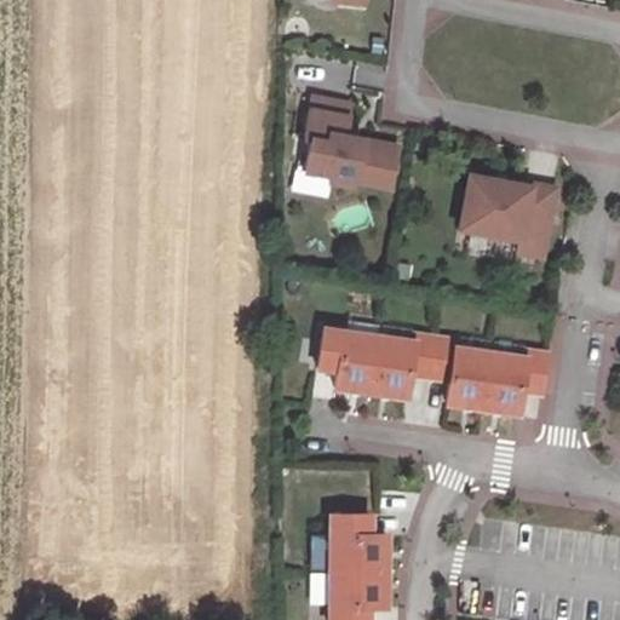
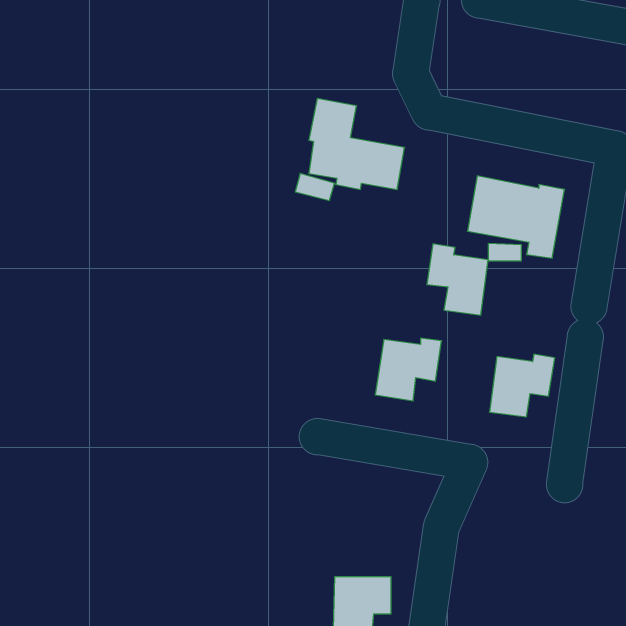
building: [320,329,380,391] -> none
building: [431,338,492,408] -> [427,244,488,315]
building: [332,515,388,570] -> none

